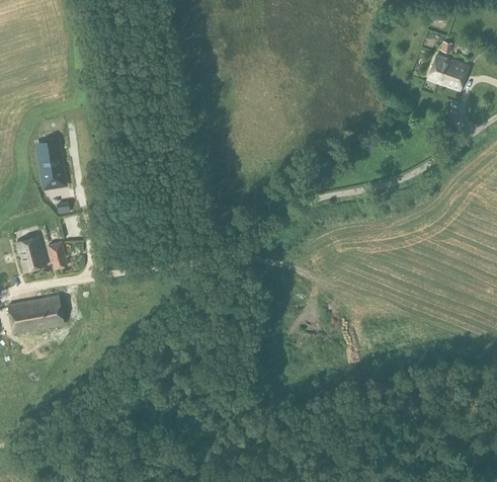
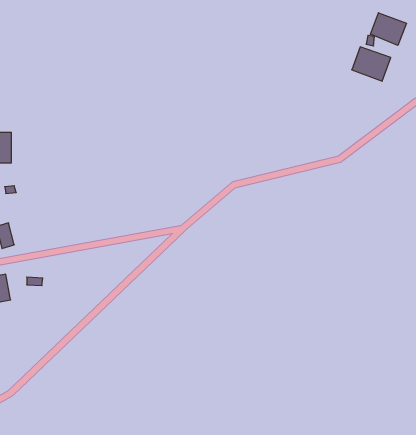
building: none -> [370,13,406,45]

